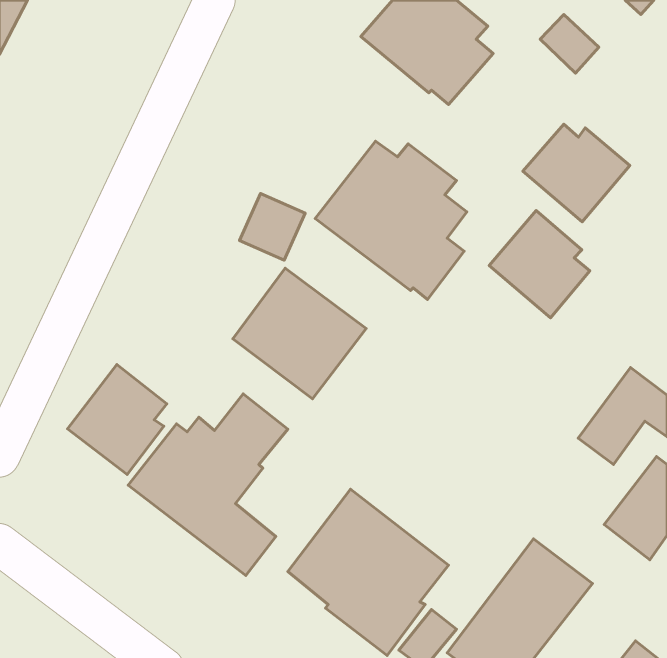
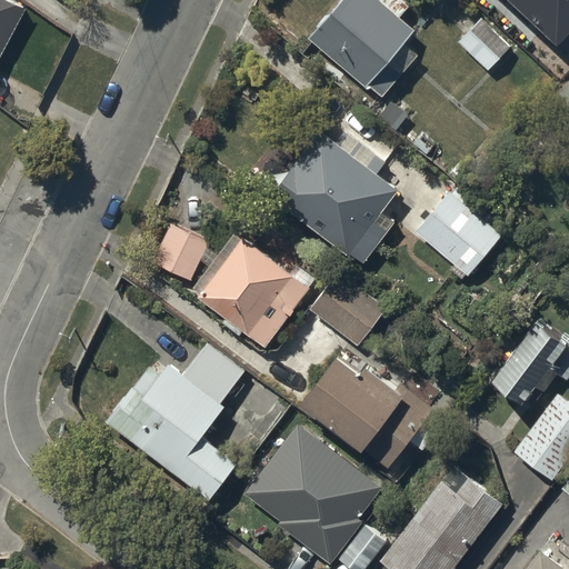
building: [523,124,630,222] -> none
building: [240,193,305,260] -> [153,226,209,282]
building: none -> [309,273,386,348]
building: [67,364,167,474] -> none
building: none -> [301,352,428,462]

